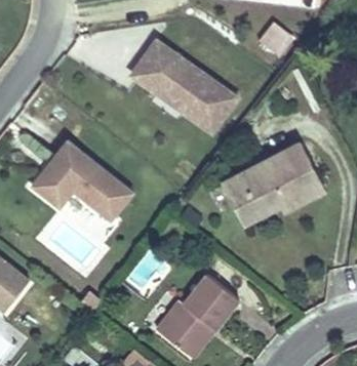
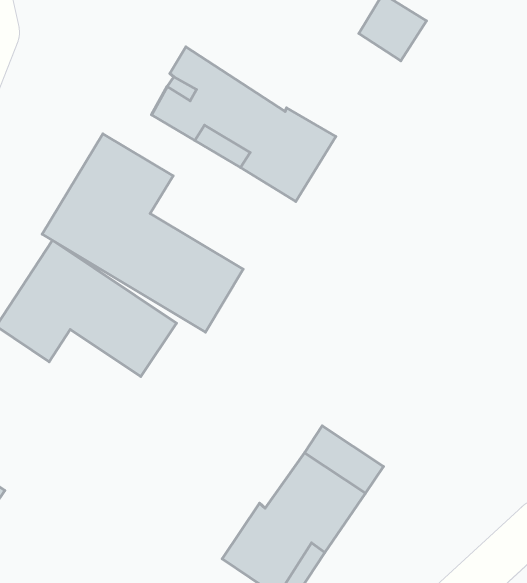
building: none -> [42,134,243,332]
building: [217,144,319,223] -> none

